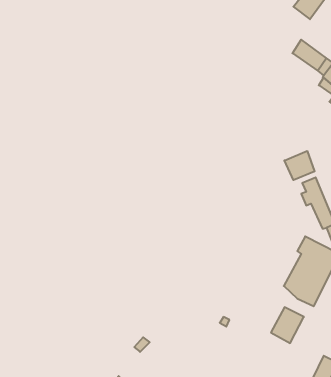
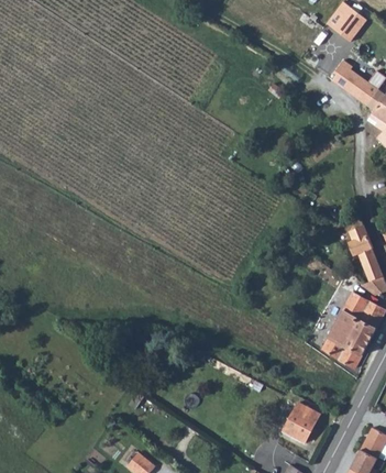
building: [284,151,315,180] -> none
building: [271,307,304,343] -> [280,402,318,442]

